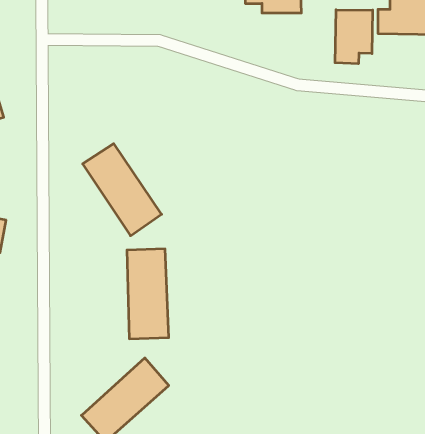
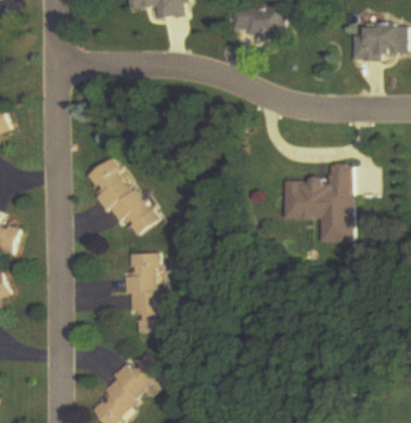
building: [335,10,373,64] -> none
building: none -> [284,164,352,244]

